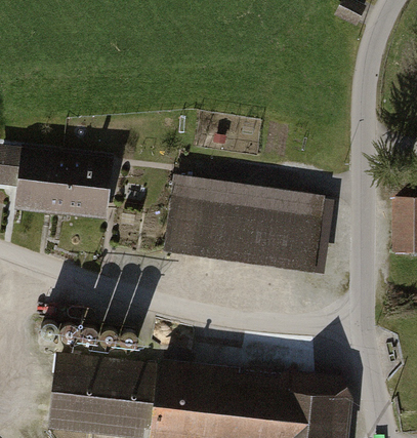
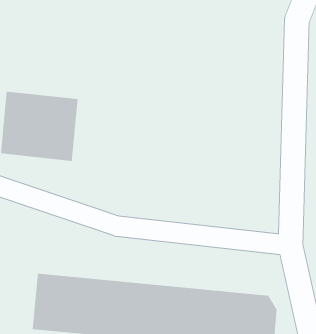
building: [160,175,326,274] -> none

